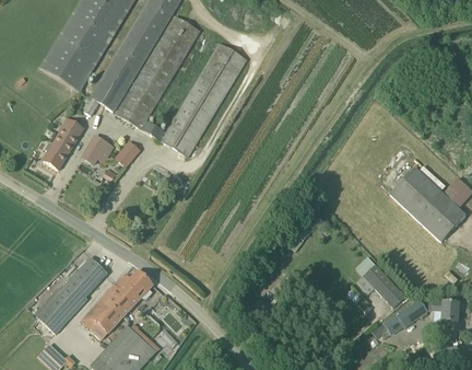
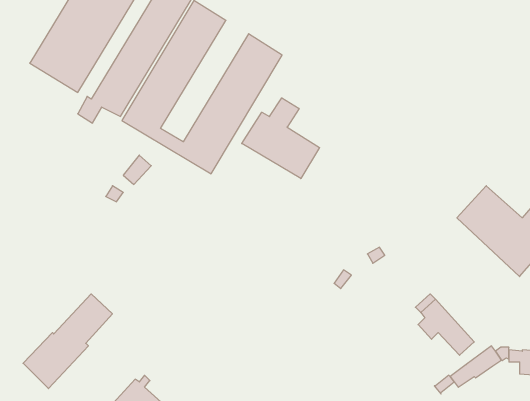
building: none -> [242,98,320,179]
building: [44,118,83,169] -> none
building: [83,134,114,163] -> none
building: [81,269,154,338] -> none

